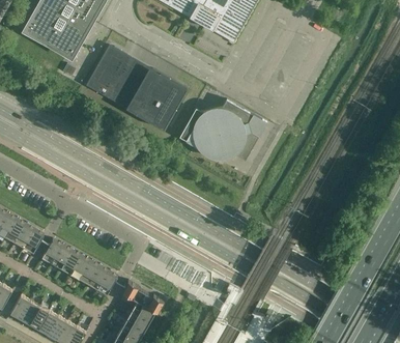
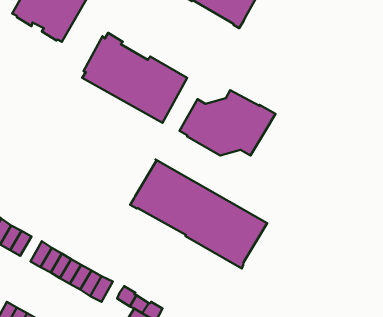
building: none -> [130,160,267,268]

